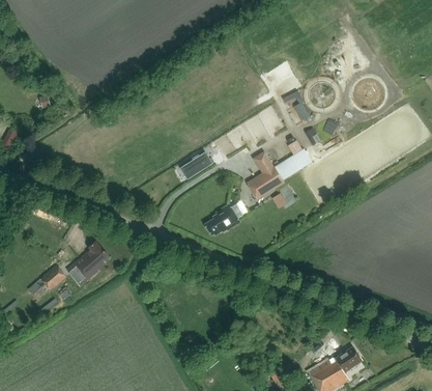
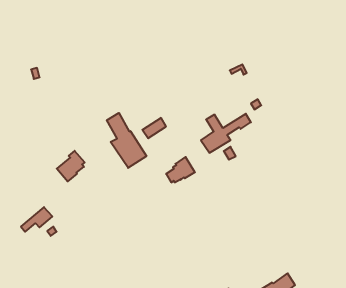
building: none -> [107,113,146,168]
building: [74,242,108,279] -> [57,151,85,181]

